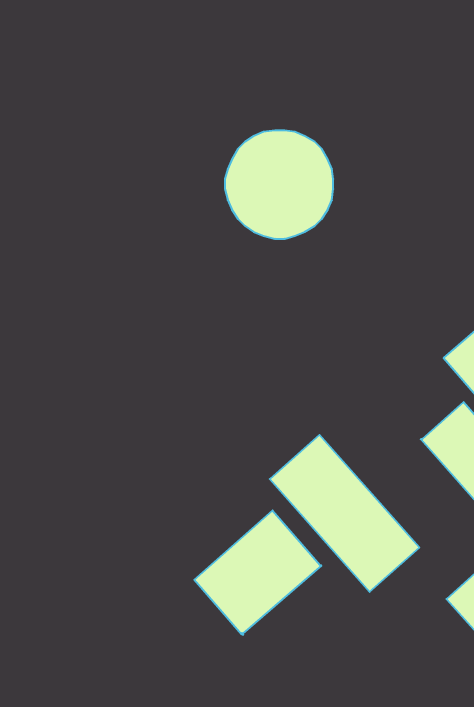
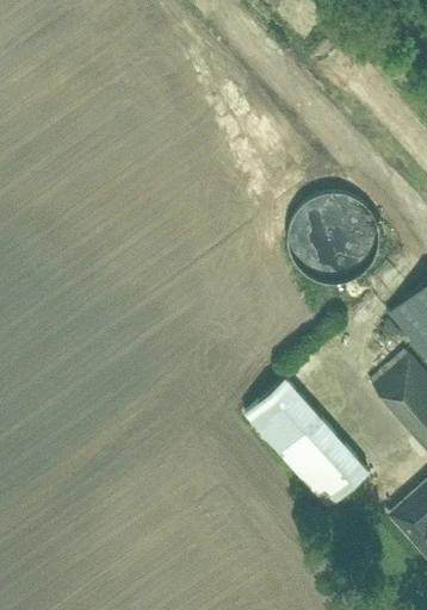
building: [225,130,333,239] -> [287,193,378,284]
building: [194,510,321,635] -> none

